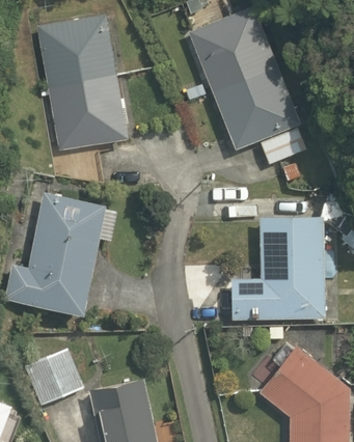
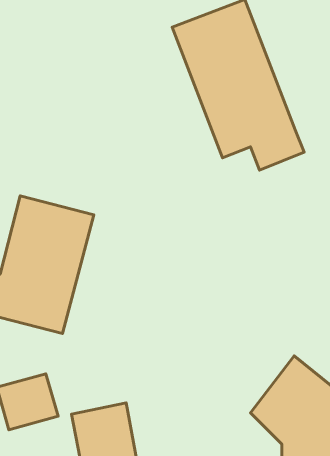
building: [39,15,133,153] -> none
building: [232,217,324,320] -> none

